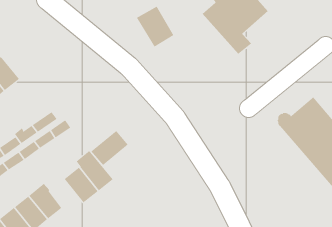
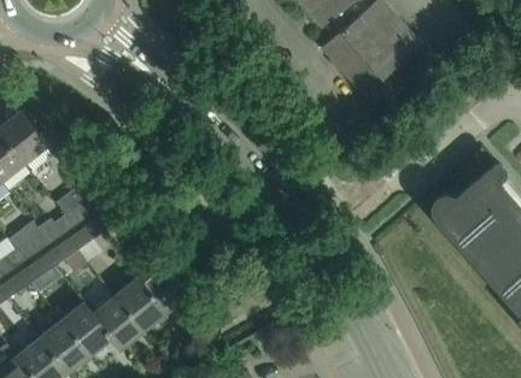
building: [136,6,174,48] -> none
building: [91,130,129,166] -> none
building: none -> [92,295,142,349]

